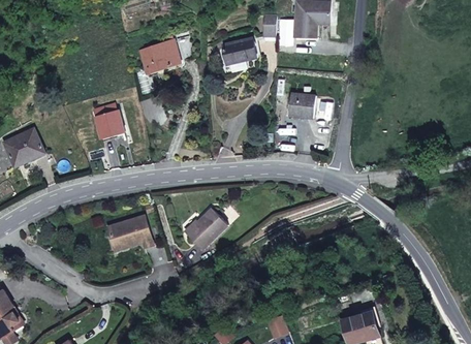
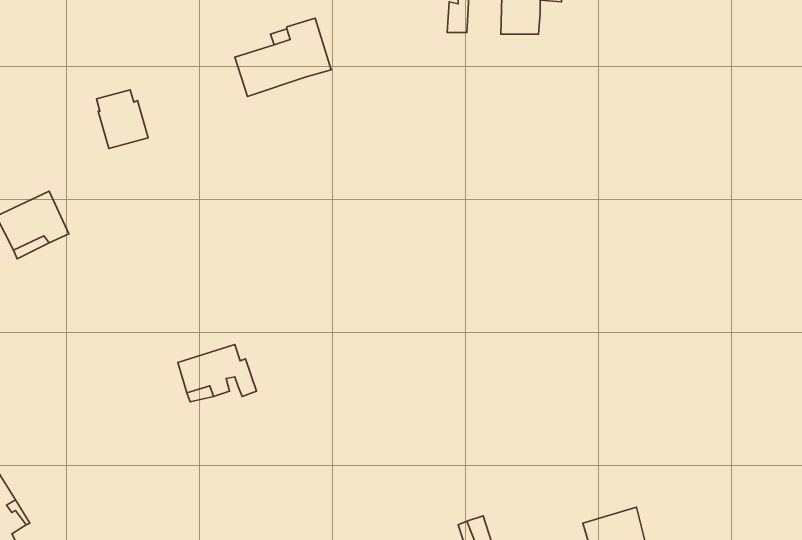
building: [222,38,255,63] -> none
building: [287,93,315,119] -> none
building: [93,104,123,138] -> [96,90,148,149]
building: [186,209,226,250] -> none

